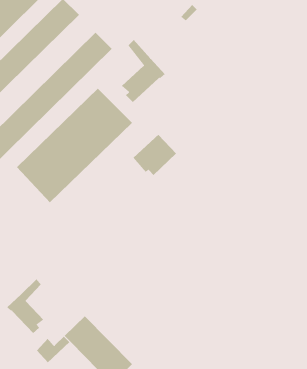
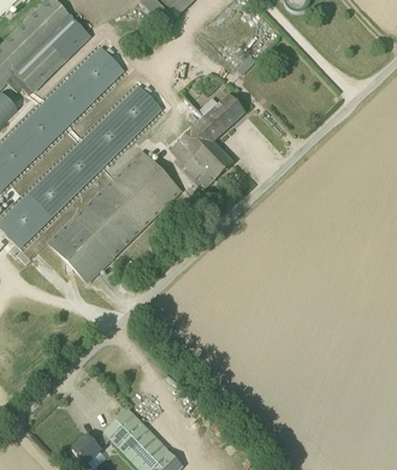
building: none -> [203,94,245,135]
building: [132,133,177,176] -> [183,139,233,188]
building: [6,279,44,334] -> none

